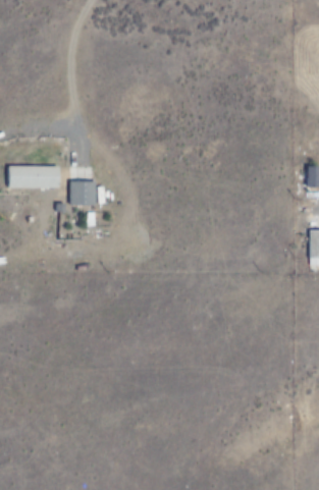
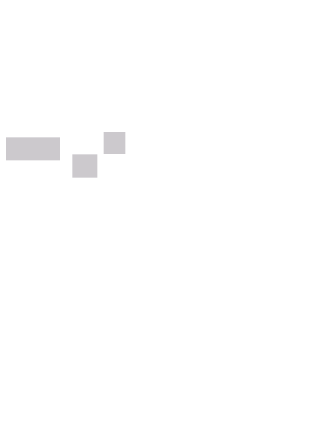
building: none -> [103,131,126,155]

